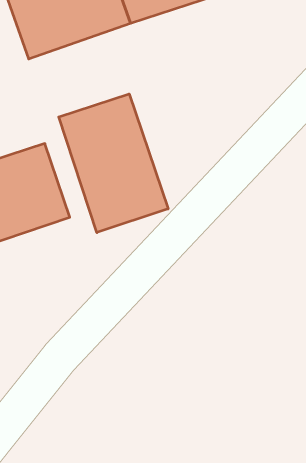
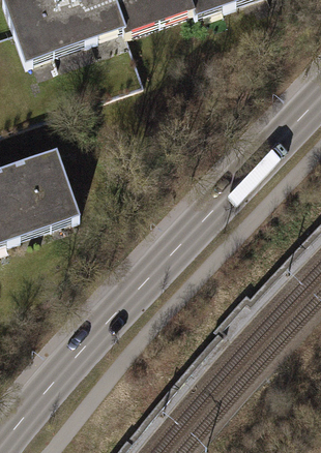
building: [59,94,168,233] -> none

